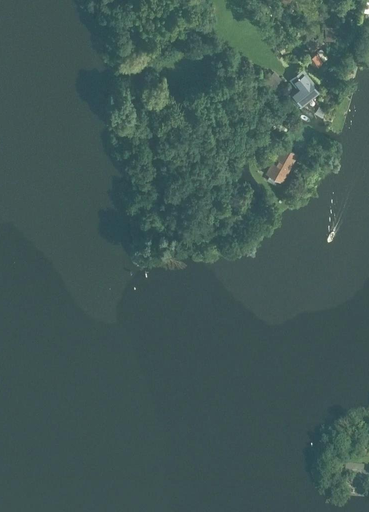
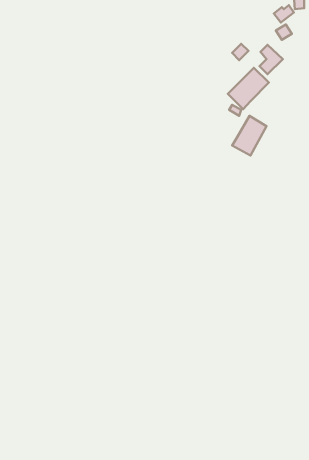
building: none -> [228,68,269,109]

